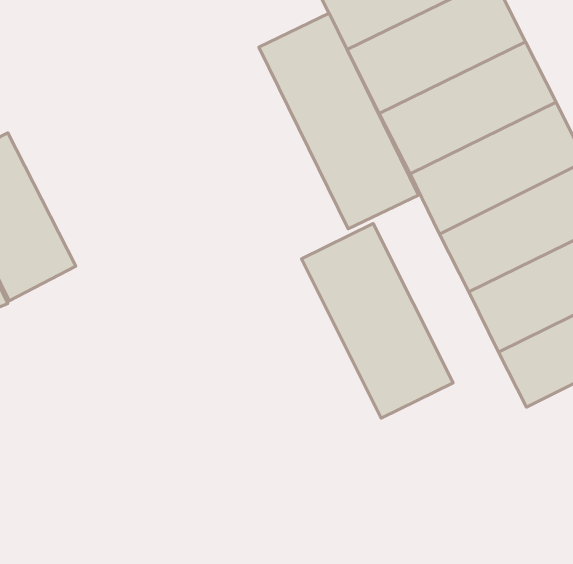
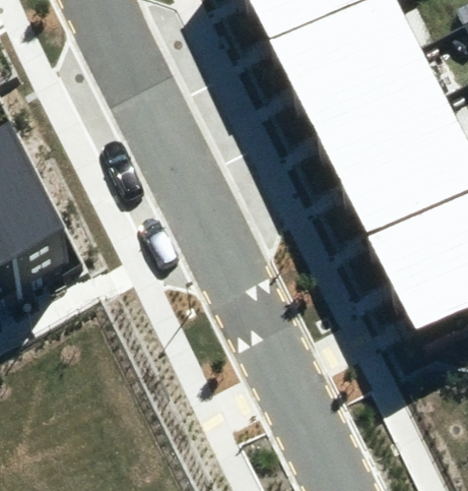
building: [259,13,418,229] -> none
building: [301,223,453,418] -> none

